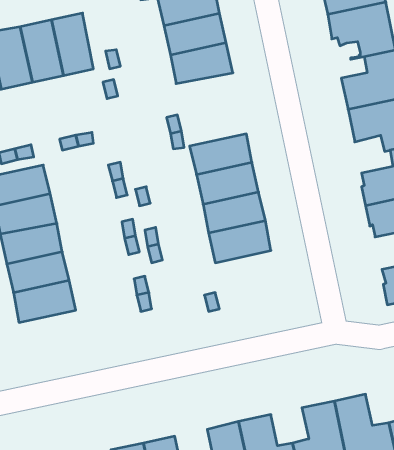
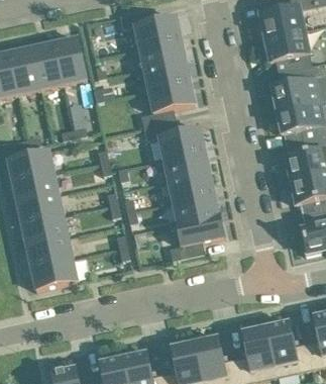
building: none -> [148,81,195,111]
building: none -> [178,213,224,244]
building: none -> [31,258,78,288]

